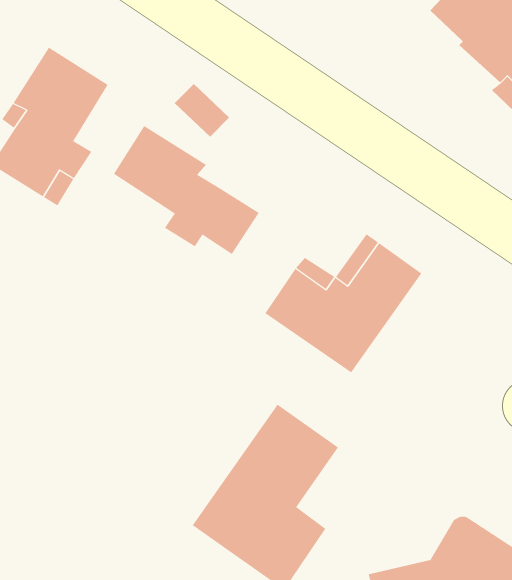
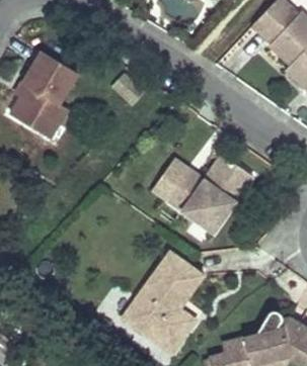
building: [113,125,260,255] -> none

